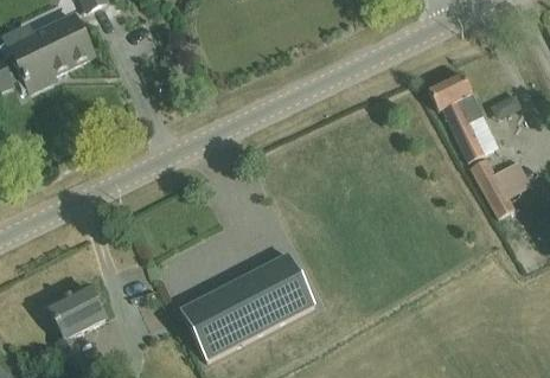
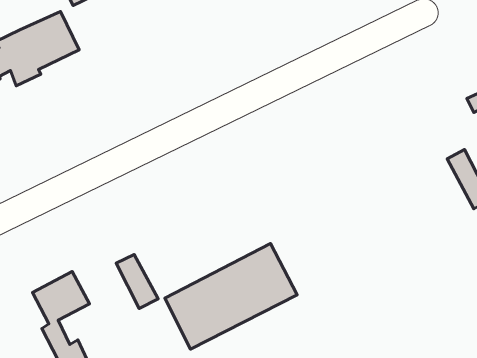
building: [427,73,491,160] -> none
building: none -> [116,254,158,308]

